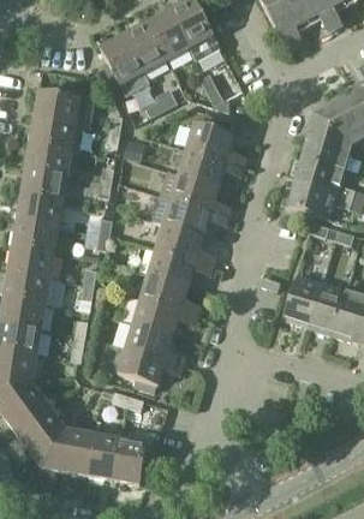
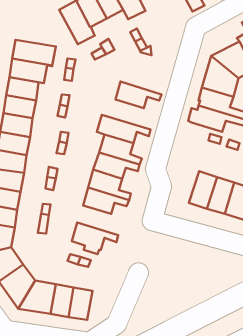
building: [186,123,246,166] -> none
building: [160,169,231,215] -> none
building: [125,322,185,364] -> none

